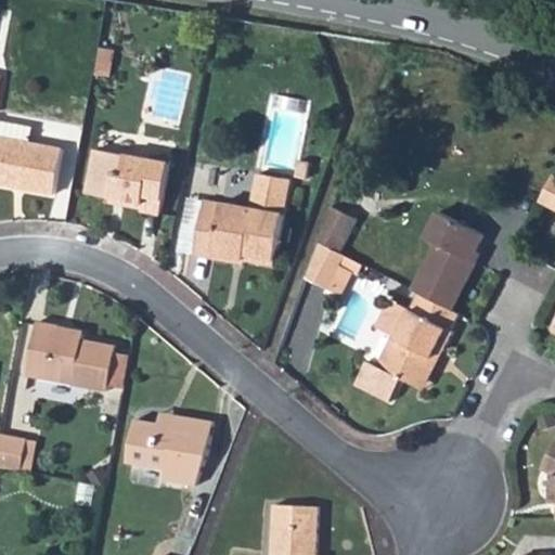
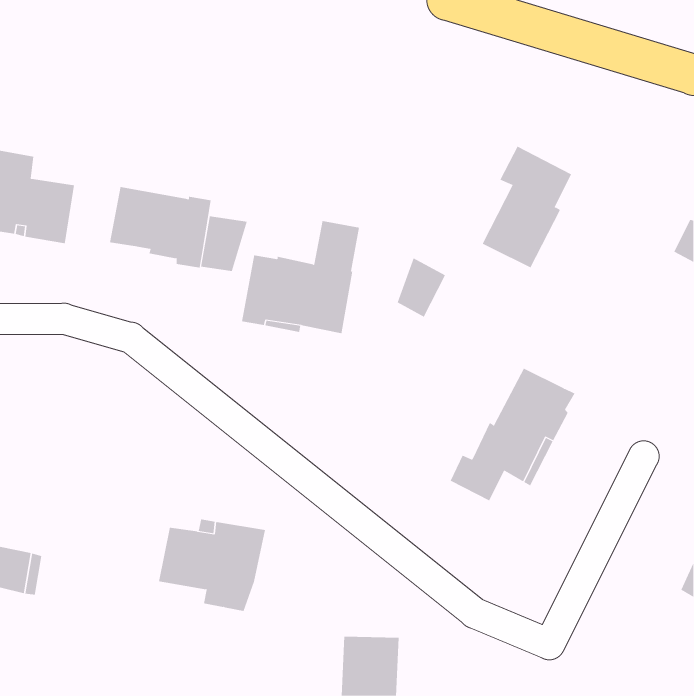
building: none -> [201,215,247,272]
building: [410,211,481,309] -> [482,146,572,268]
building: [302,241,340,287] -> none
building: [26,322,115,391] -> none

